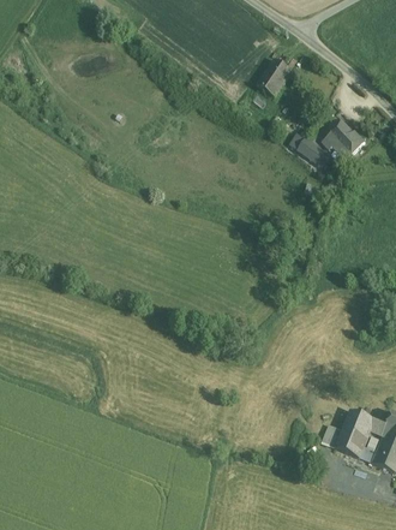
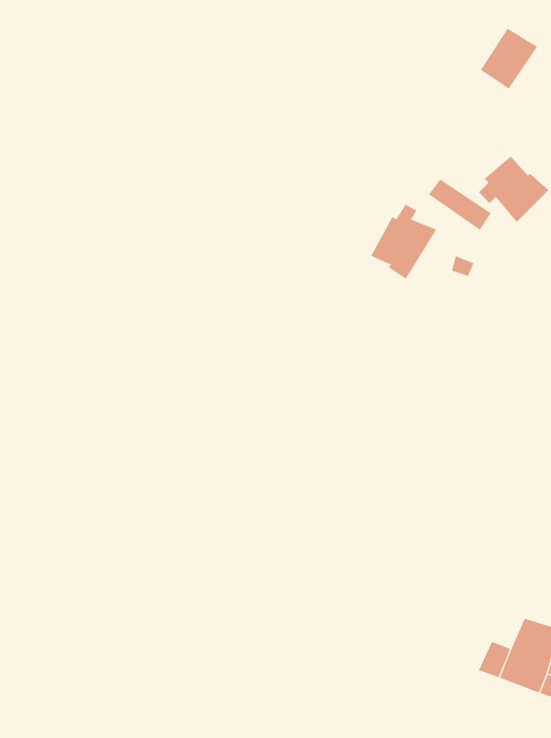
building: [257,56,293,95] -> [480,28,538,89]
building: none -> [370,204,437,279]

